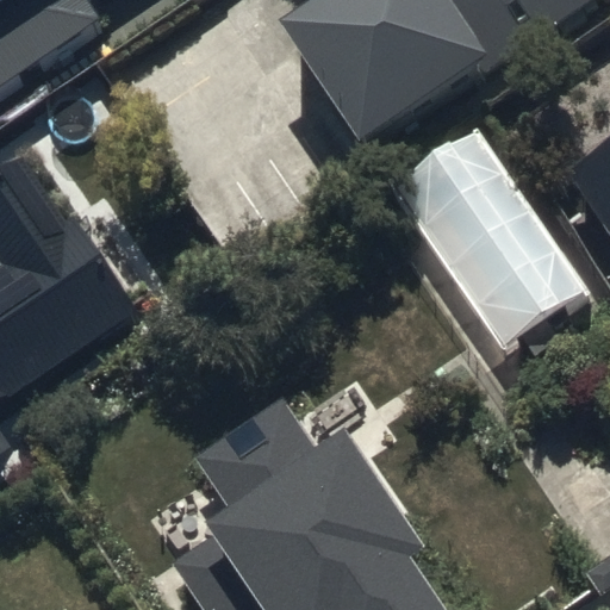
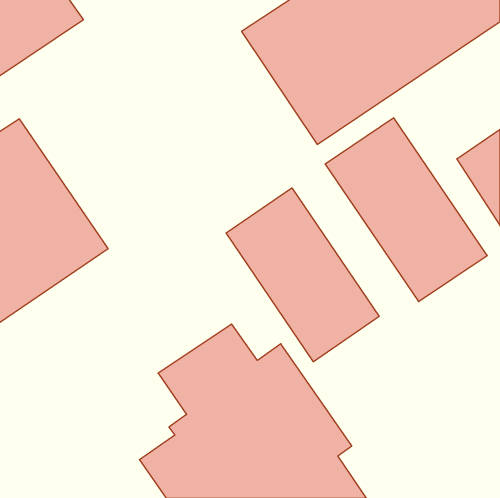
building: none -> [226,188,379,362]

